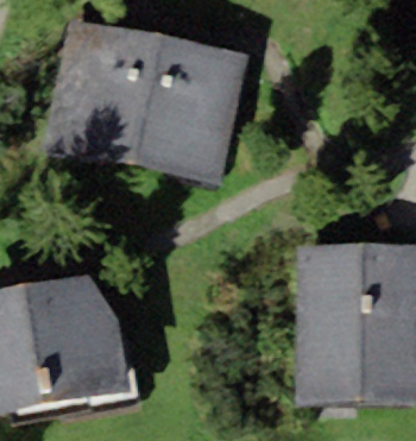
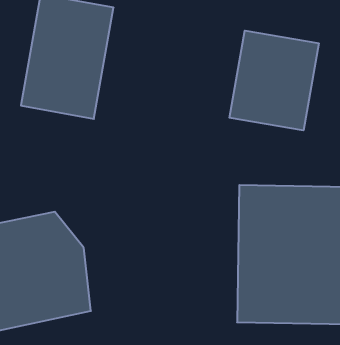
building: [130,38,246,183] -> none
building: none -> [229,31,319,130]

